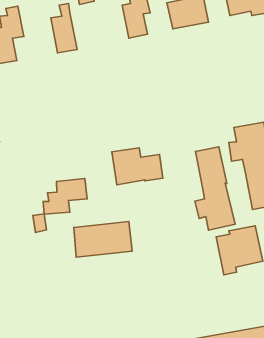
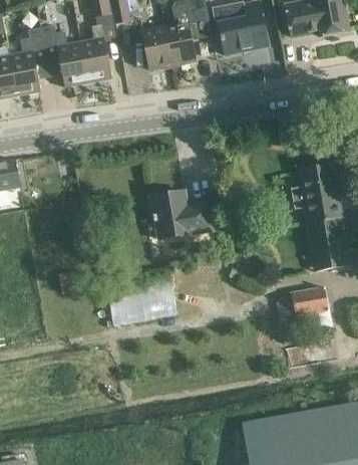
building: none -> [42,24,89,85]
building: none -> [142,25,173,68]
building: [195,147,235,230] -> none
building: [43,178,87,214] -> none

